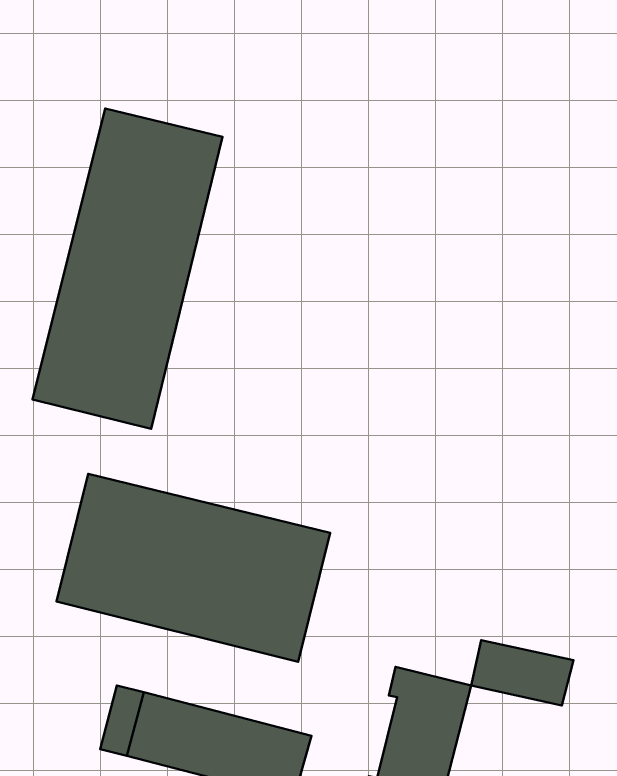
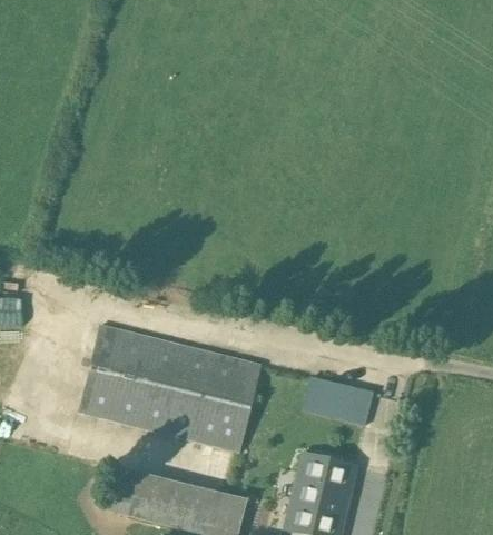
building: [33,108,222,429] -> none
building: [471,640,574,706] -> [304,379,372,423]

